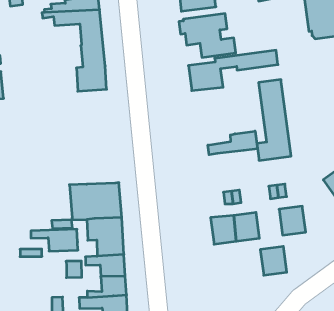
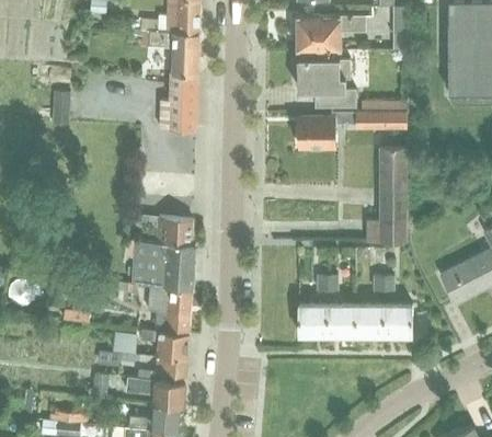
building: [208,131,258,155] -> none
building: [31,229,78,251] -> [135,216,192,246]
building: [260,246,287,275] -> [355,304,384,336]

